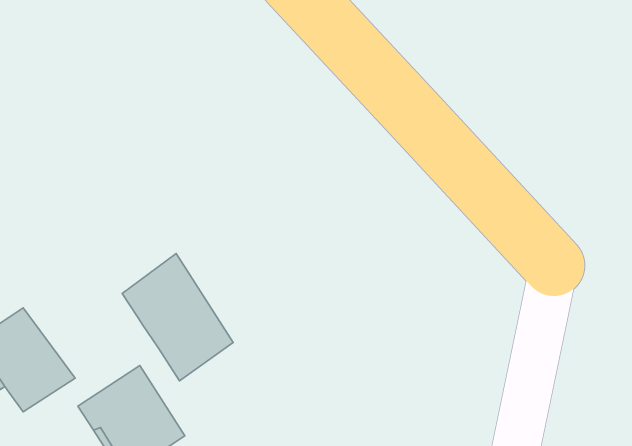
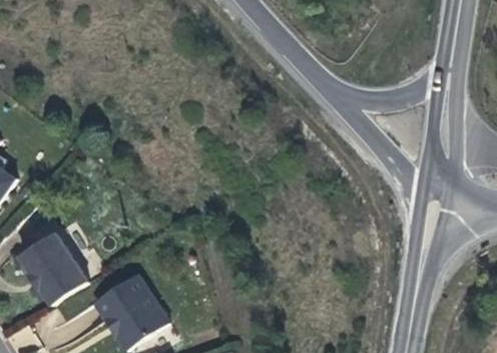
building: [122,254,233,381] -> none

